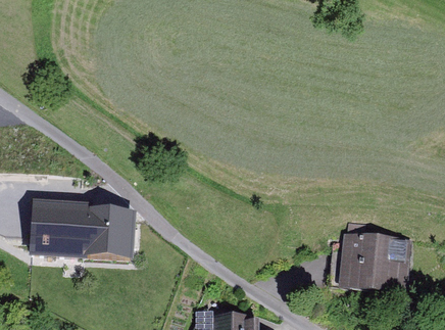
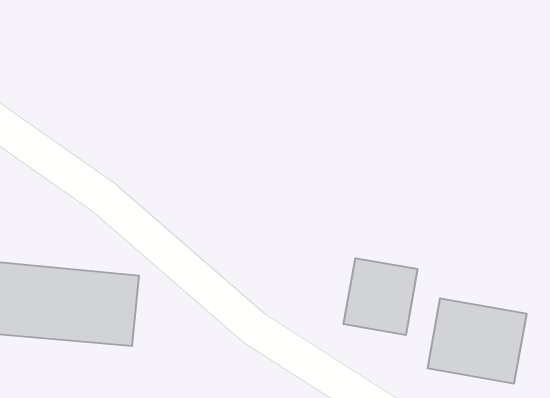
building: none -> [344,258,417,335]

